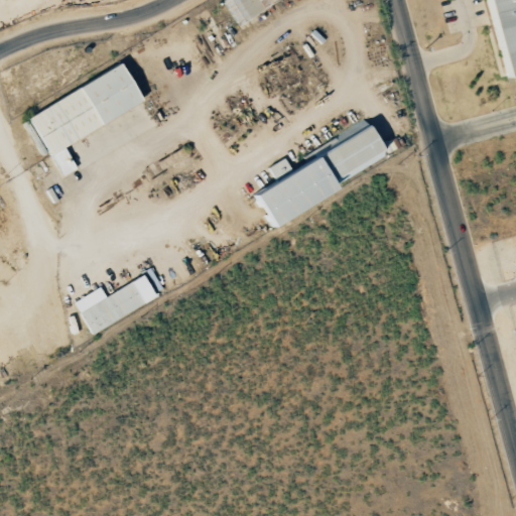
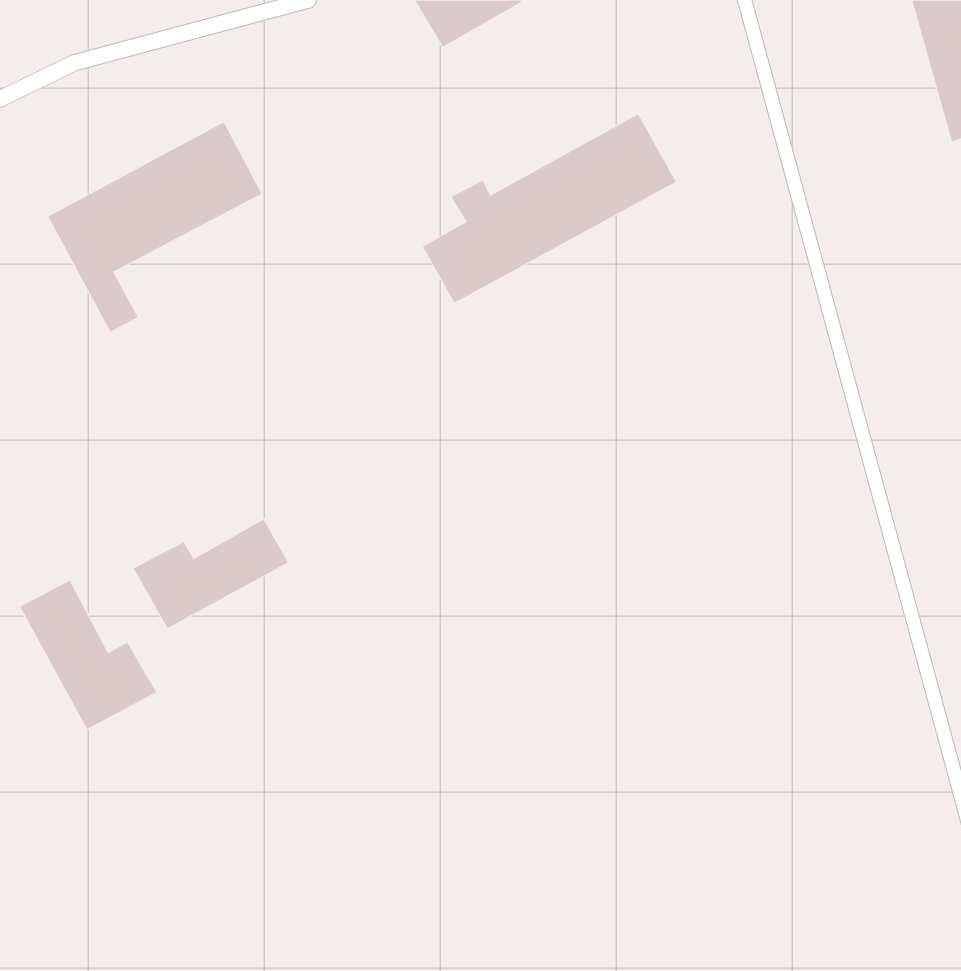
building: [255,123,390,224] -> [422,113,677,303]
building: none -> [20,580,157,730]

